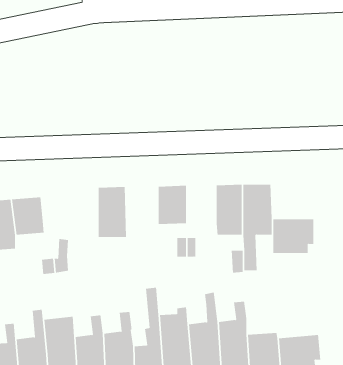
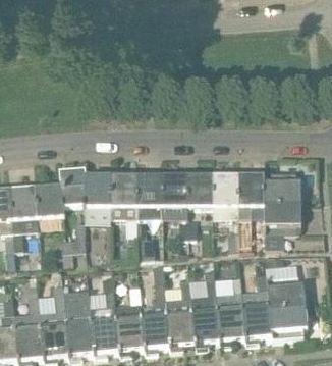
building: none -> [58,167,110,209]
building: none -> [263,172,300,203]
building: none -> [188,173,214,207]
building: none -> [134,174,164,237]
building: none -> [266,275,305,308]

